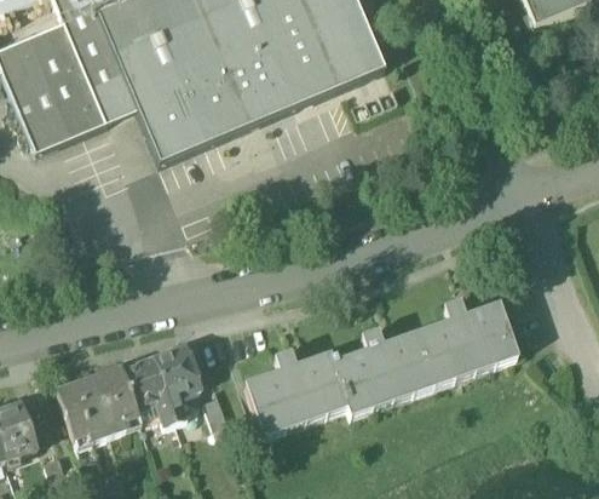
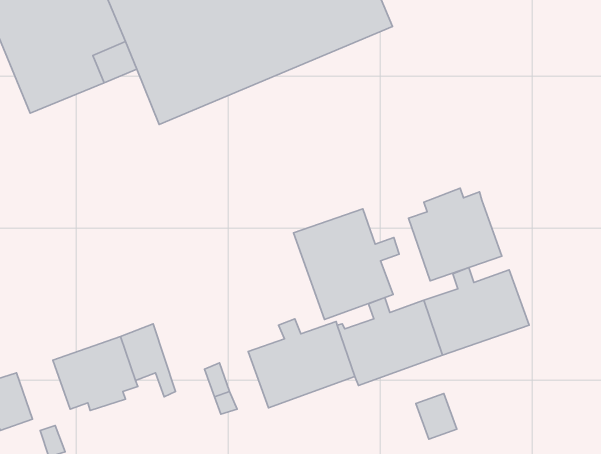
building: none -> [409,188,502,281]
building: none -> [293,209,399,320]
building: [155,342,202,418] -> none
building: none -> [416,394,457,439]

